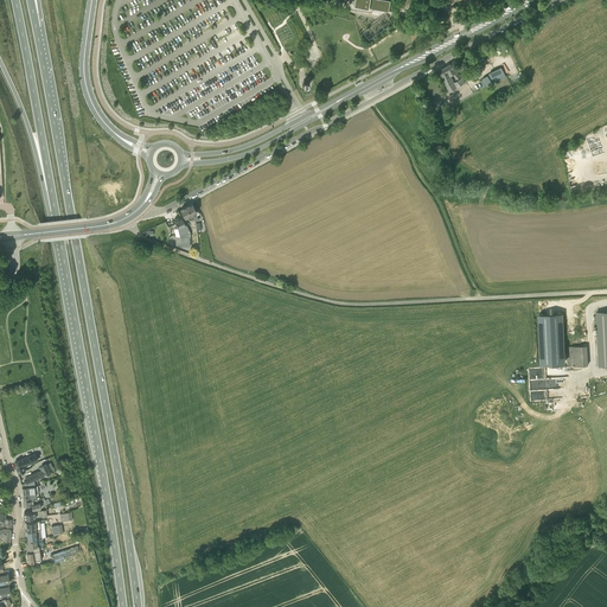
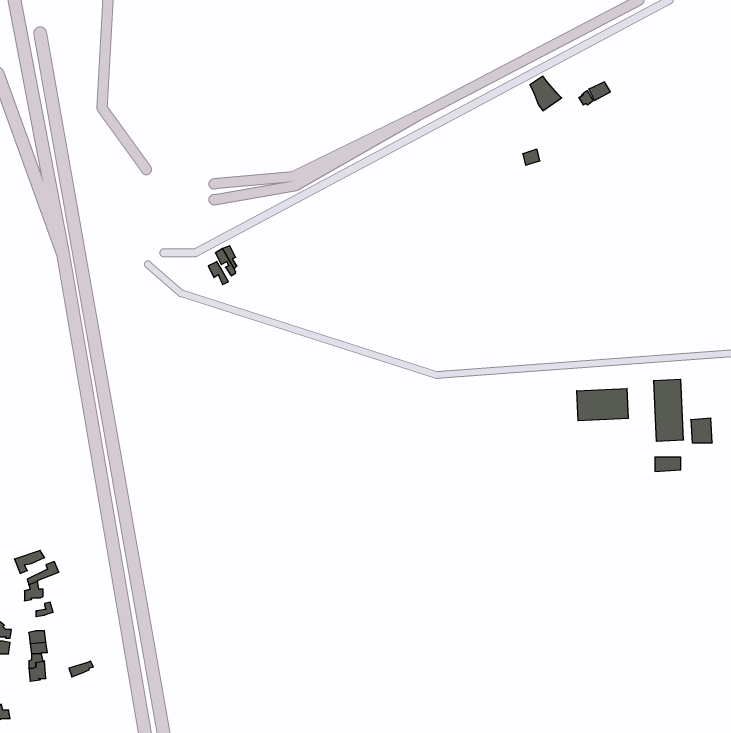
building: none -> [577,388,628,421]

